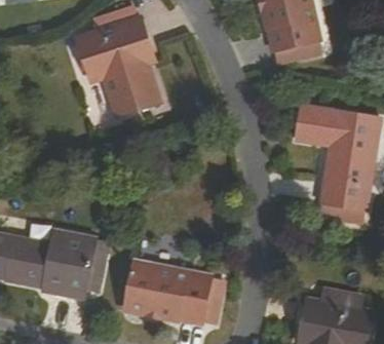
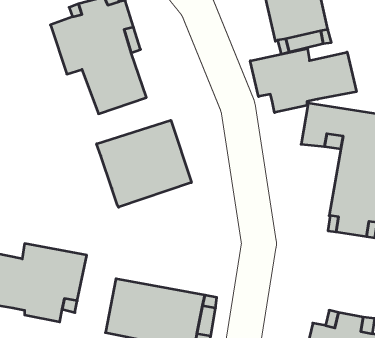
building: none -> [250,49,356,113]
building: none -> [97,120,191,207]

